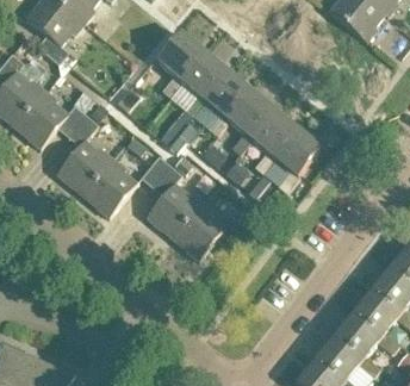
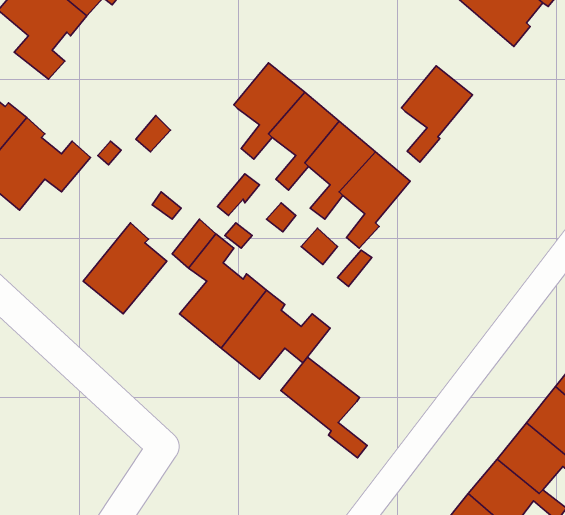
building: [157,32,204,96] -> none
building: [56,113,113,194] -> none
building: [274,129,321,192] -> [402,66,472,162]
building: none -> [281,357,367,458]

